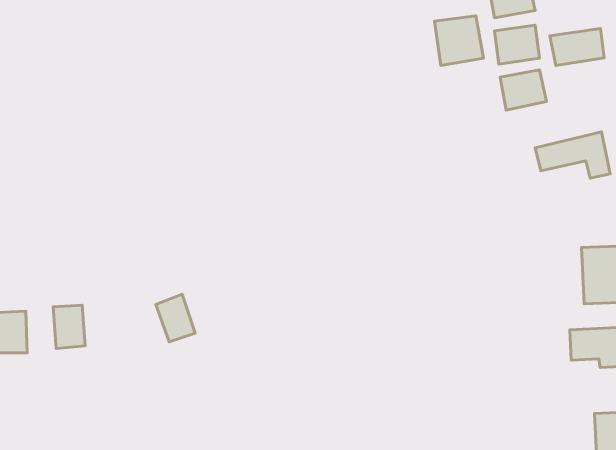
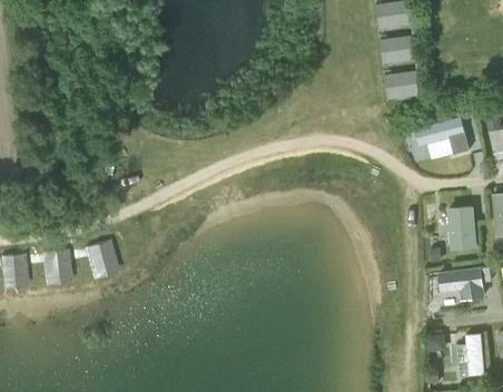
building: [435,16,483,66] -> none
building: [550,29,604,66] -> none
building: [156,294,195,342] -> [85,241,115,277]

